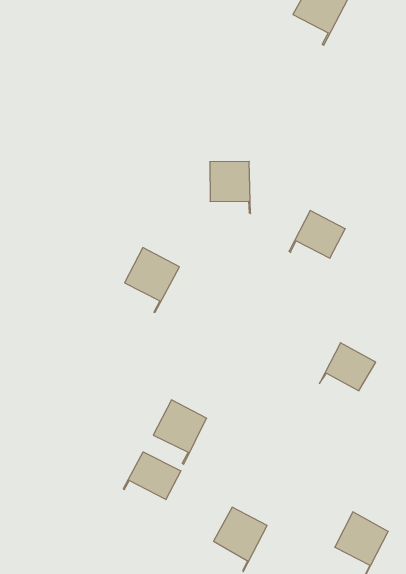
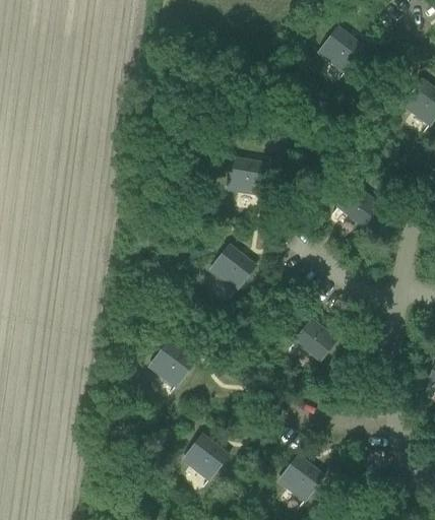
building: [289,210,345,258] -> [331,185,379,225]
building: [125,248,179,312] -> [209,245,255,298]
building: [124,452,181,500] -> none

